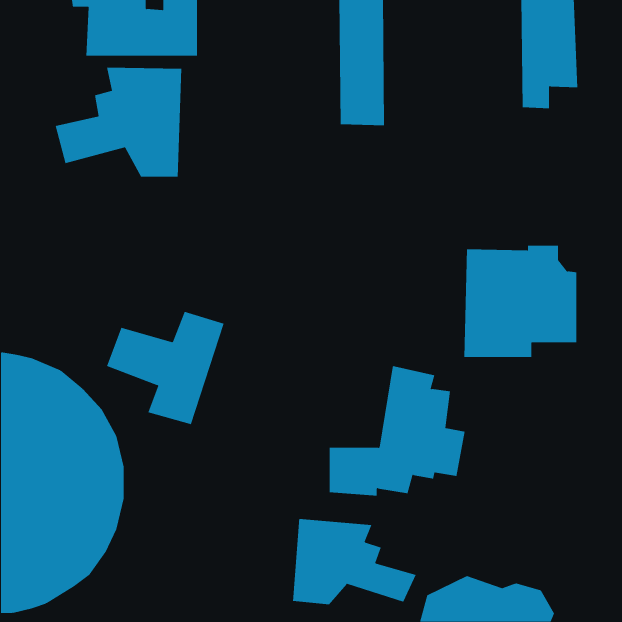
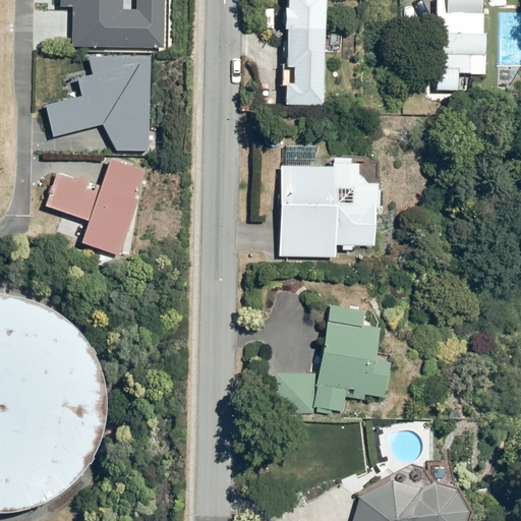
building: [464,245,577,358] -> [279,162,373,255]
building: [106,311,225,425] -> [49,159,148,253]
building: [293,518,416,605] -> none

